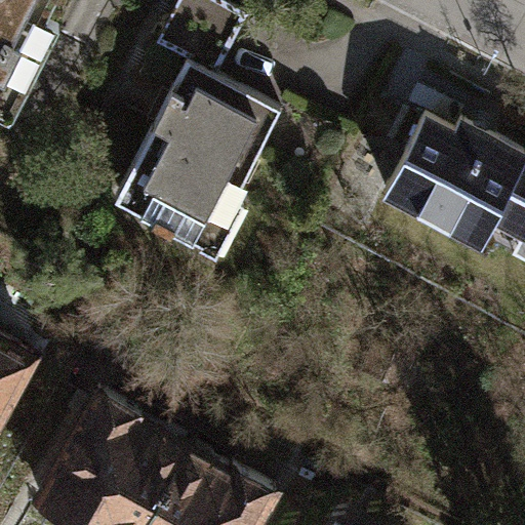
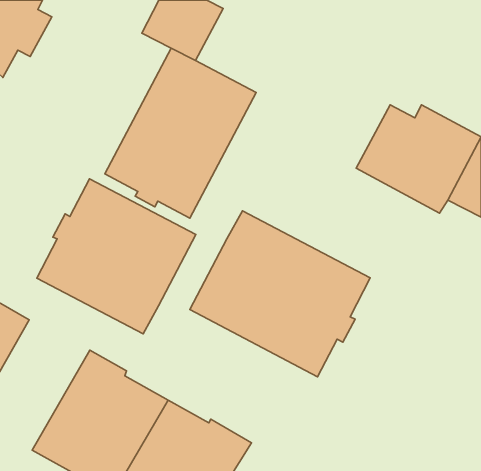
building: none -> [37,179,196,334]
building: none -> [190,211,370,377]

